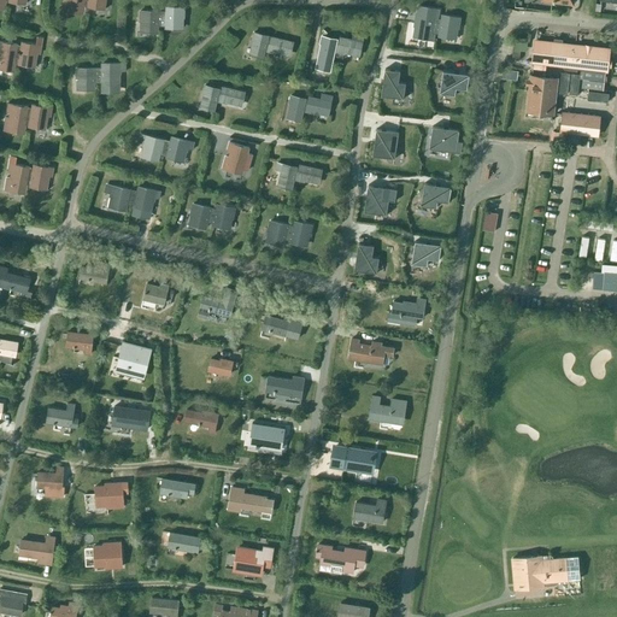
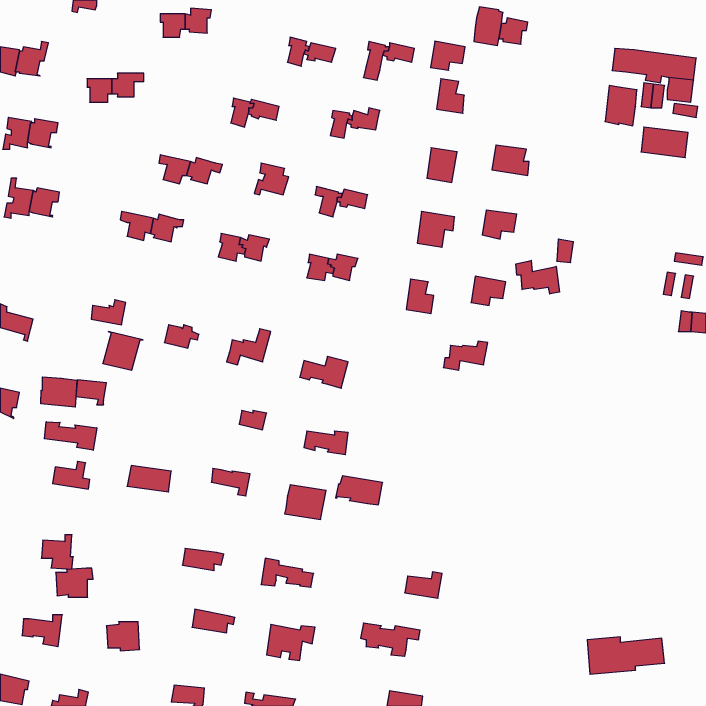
building: [439,70,469,95] -> [431,41,465,70]
building: none -> [516,260,559,294]
building: none -> [41,377,77,407]
building: [348,339,393,364] -> none
building: [117,341,152,375] -> [103,332,143,370]
building: none -> [44,422,97,450]
building: [369,395,406,423] -> none
building: [330,446,371,471] -> [336,476,383,505]
building: [95,482,128,507] -> [56,568,93,597]

